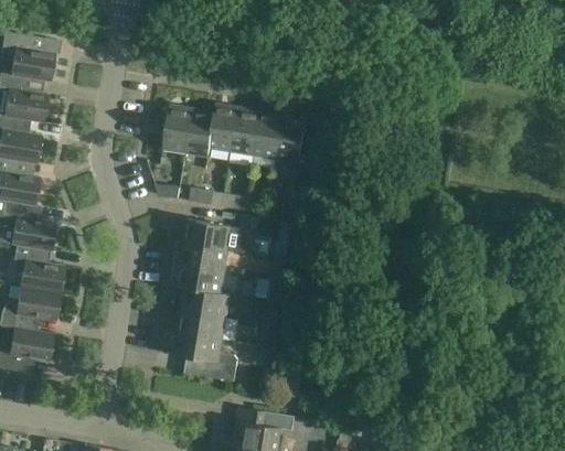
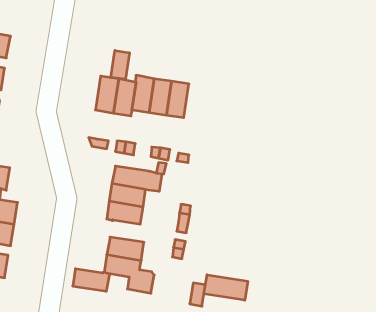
building: none -> [111,50,129,79]
building: [276,116,310,173] -> none
building: [182,289,230,318] -> [73,269,110,291]
building: none -> [204,275,248,300]

